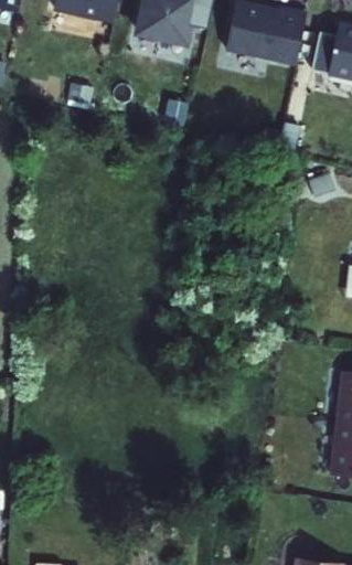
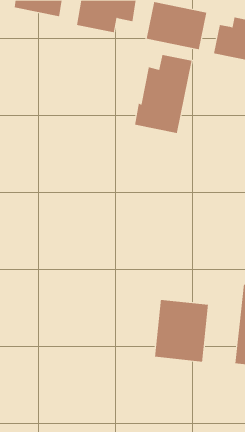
building: none -> [134,54,192,134]
building: none -> [154,299,209,362]

